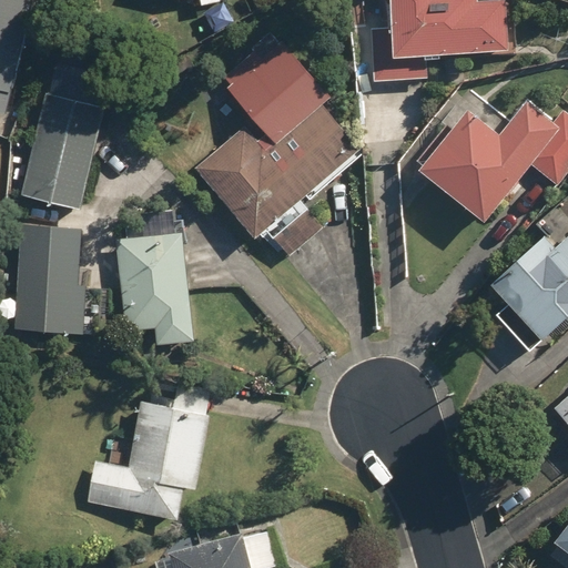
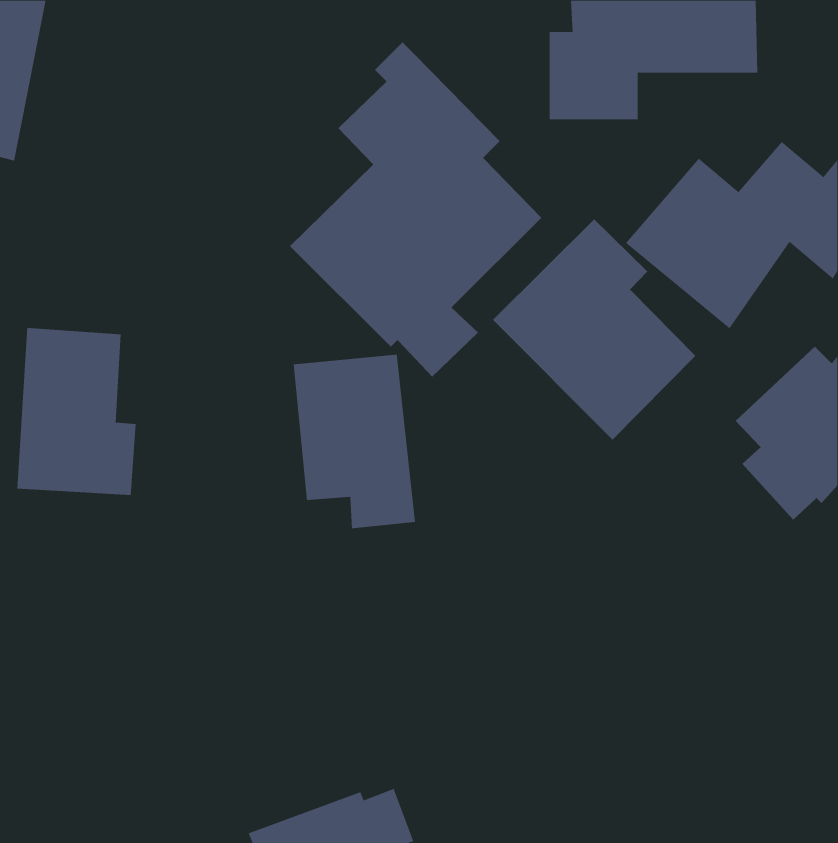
building: [19,92,106,211] -> none
building: none -> [492,218,696,440]
building: [114,230,196,346] -> [293,354,416,529]
building: [85,385,211,514] -> none

